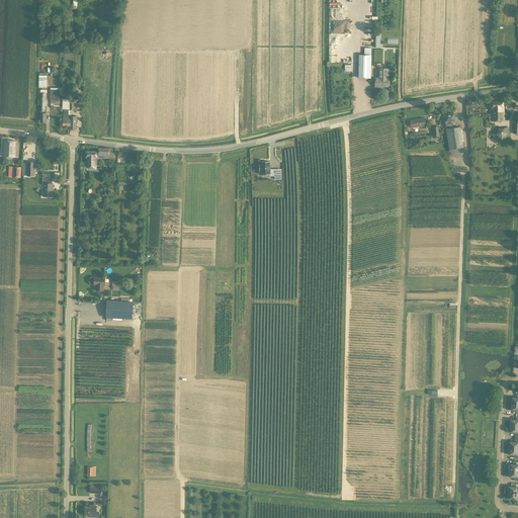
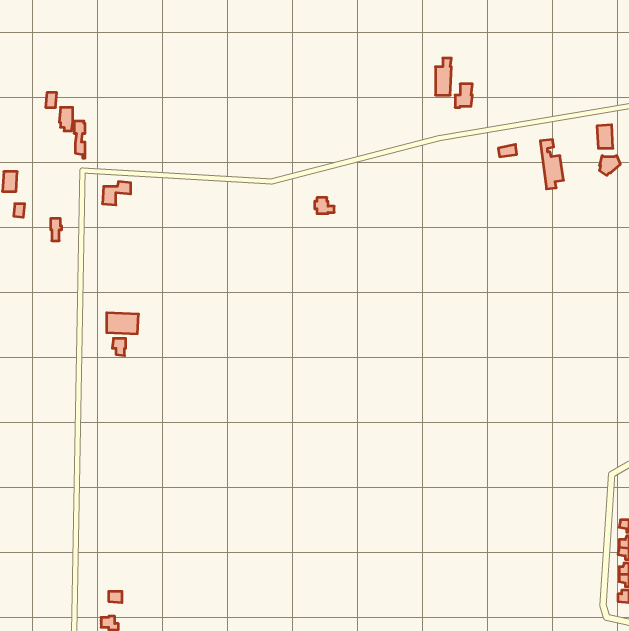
building: [105,301,132,319] -> [107,313,139,334]

